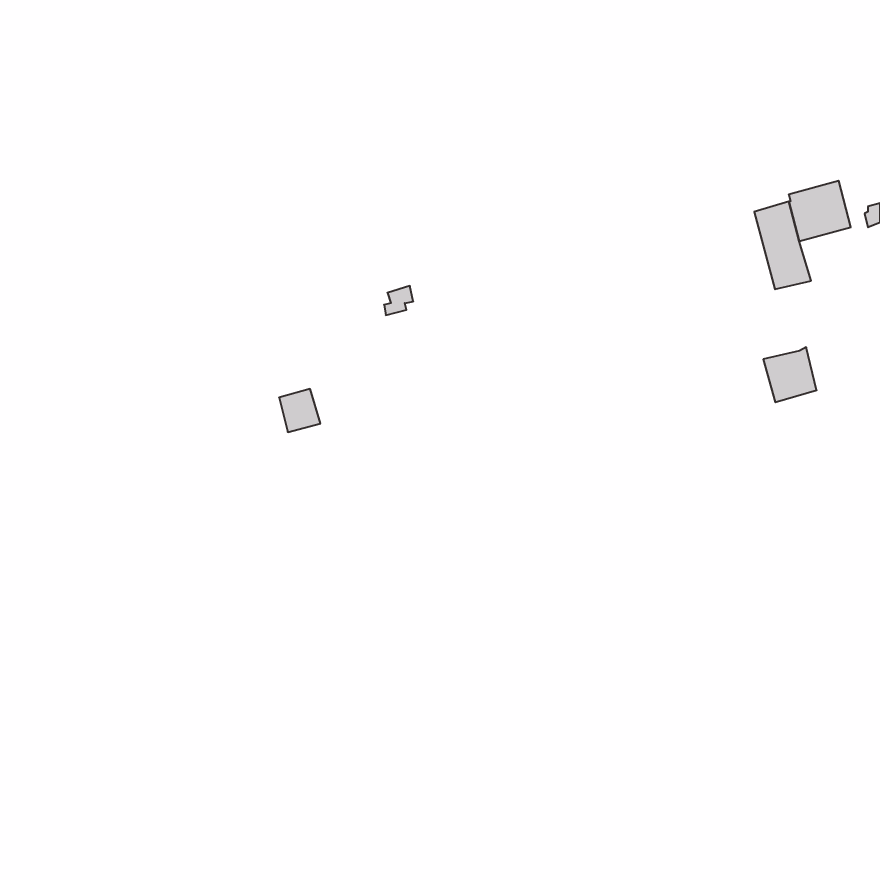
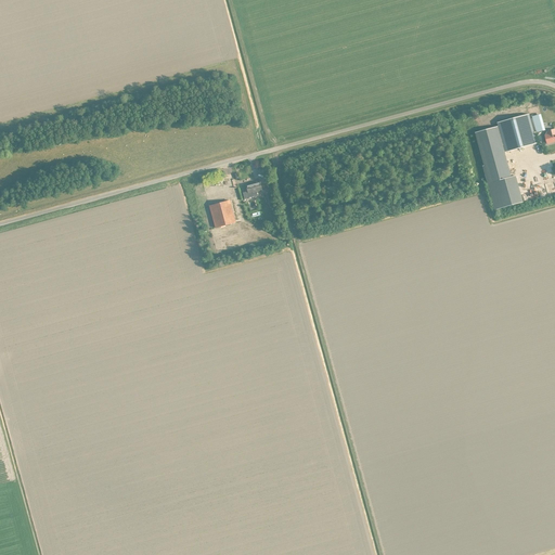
building: [763,347,817,402] -> [488,175,521,209]
building: [279,389,320,432] -> [208,199,234,227]

